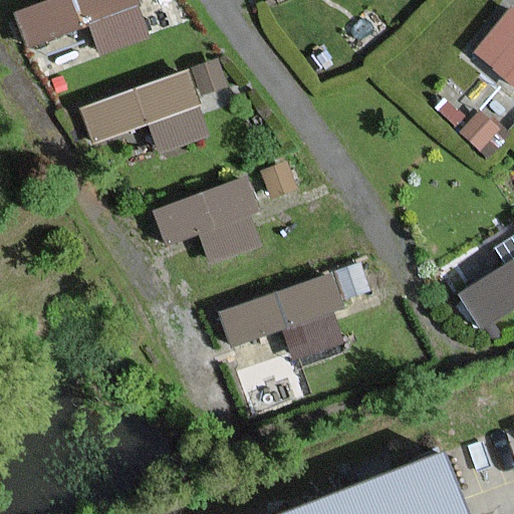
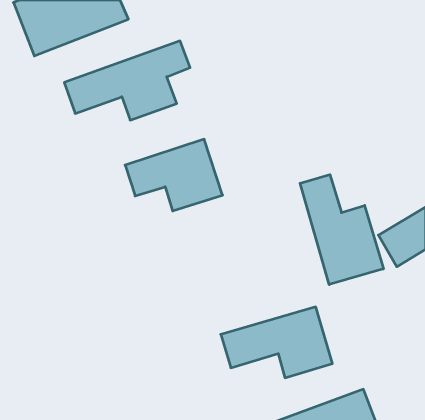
building: none -> [300,175,383,285]
building: [215,274,349,359] -> [221,307,332,378]

